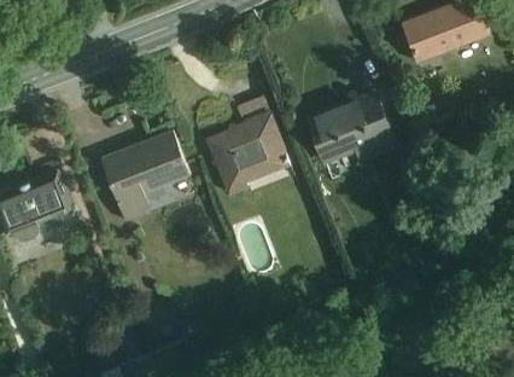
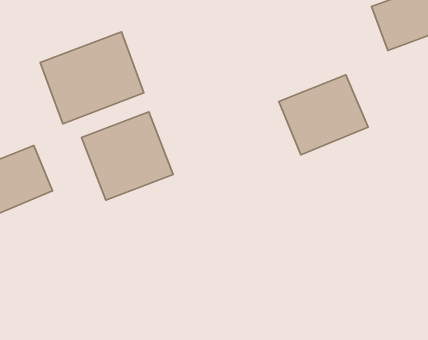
building: none -> [40,32,144,124]
building: [205,106,287,190] -> none

